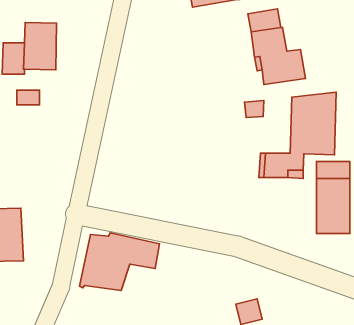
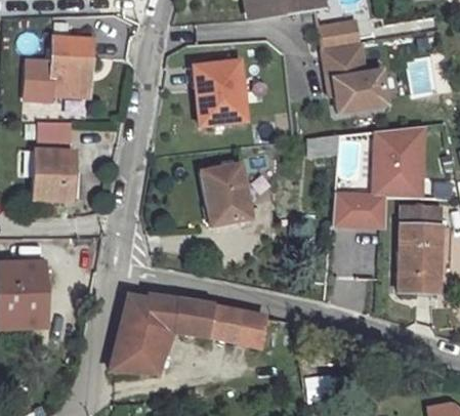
building: none -> [197,63,247,127]
building: none -> [31,148,71,198]
building: none -> [202,166,250,225]
building: none -> [208,305,265,344]

